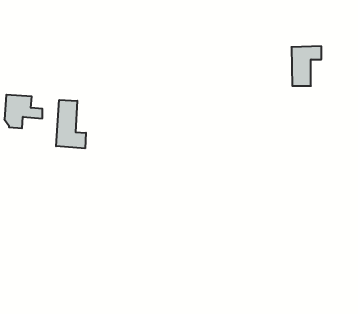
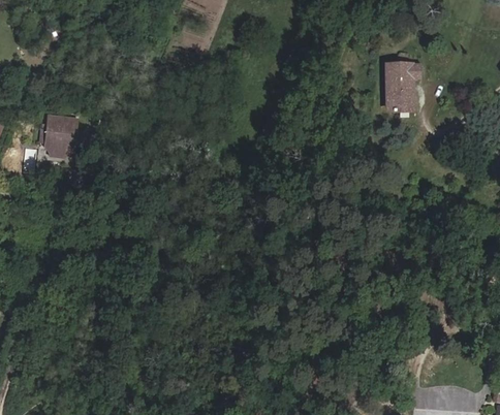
building: [56,100,86,148] -> none

